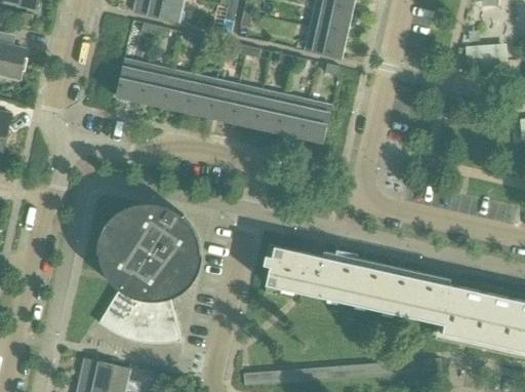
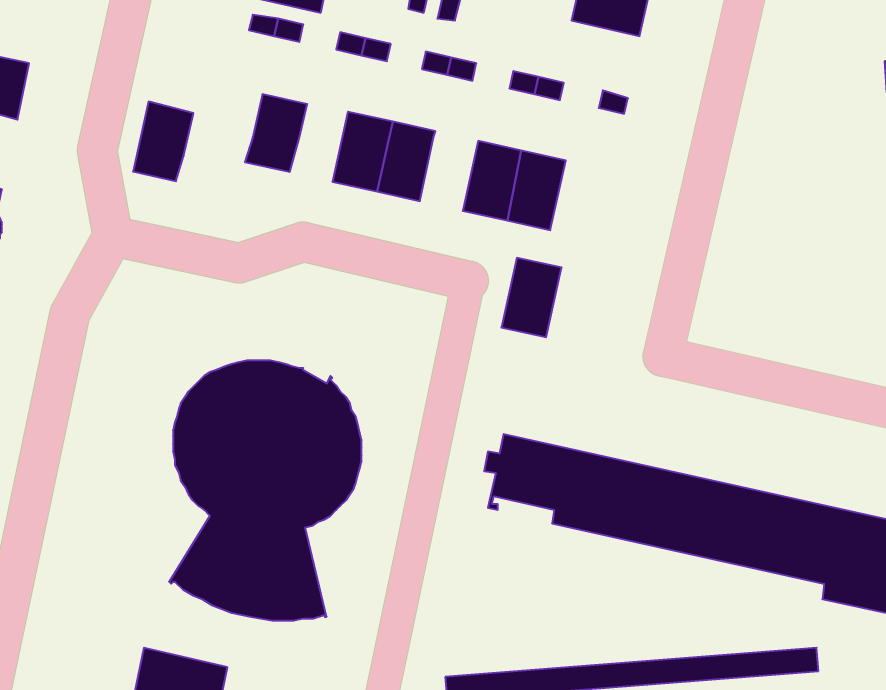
building: [304,27,346,58] -> none
building: [115,60,147,102] -> [133,102,193,181]
building: [161,71,192,112] -> none
building: [230,85,260,127] -> none
building: [298,101,330,143] -> [501,258,562,337]

